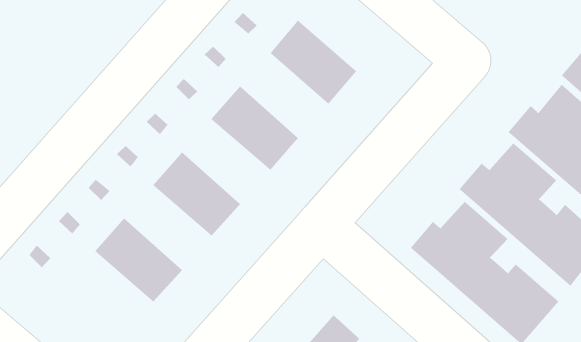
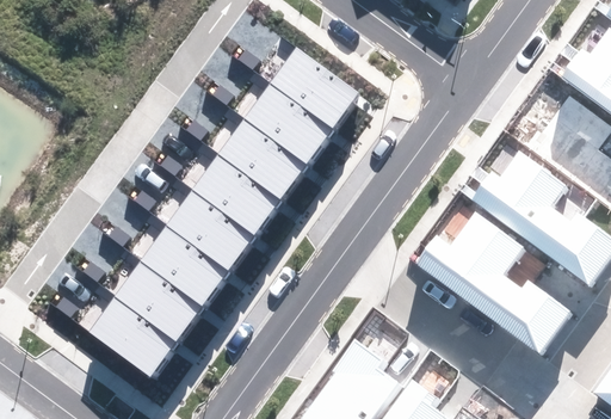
building: none -> [245,86,334,167]
building: none -> [193,156,283,238]
building: none -> [142,227,230,308]
building: none -> [90,297,179,378]

